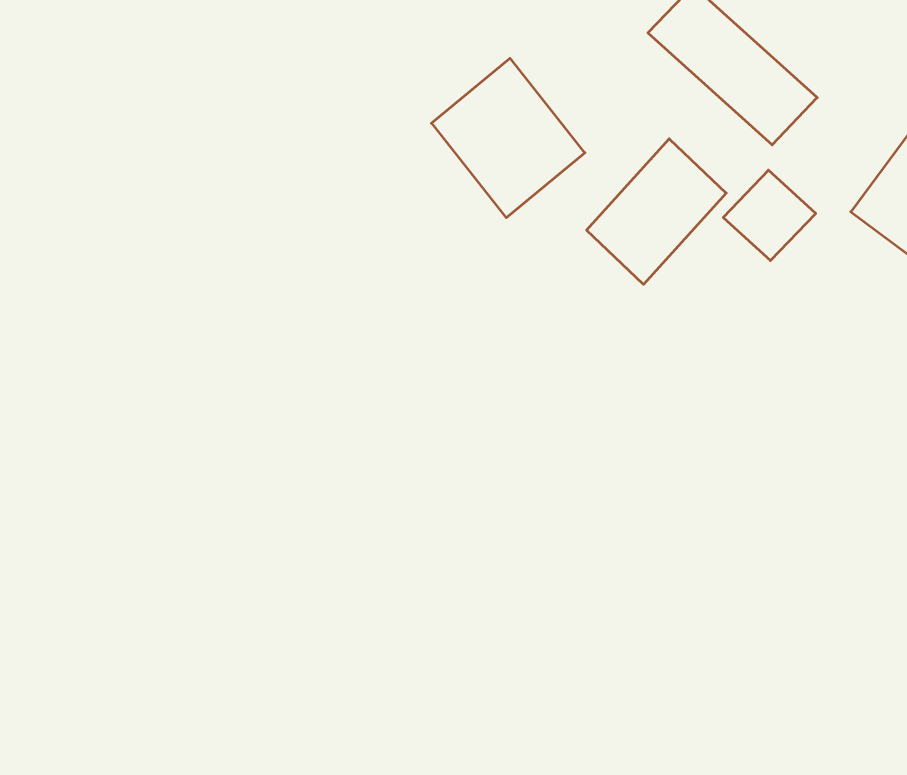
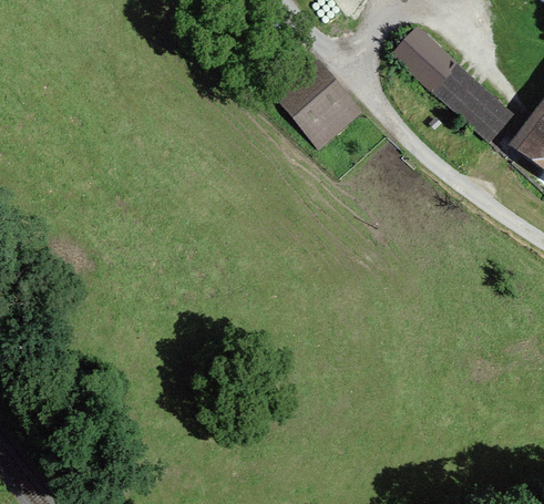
building: [587,139,726,284] -> none
building: [723,170,816,261] -> [462,88,514,138]

